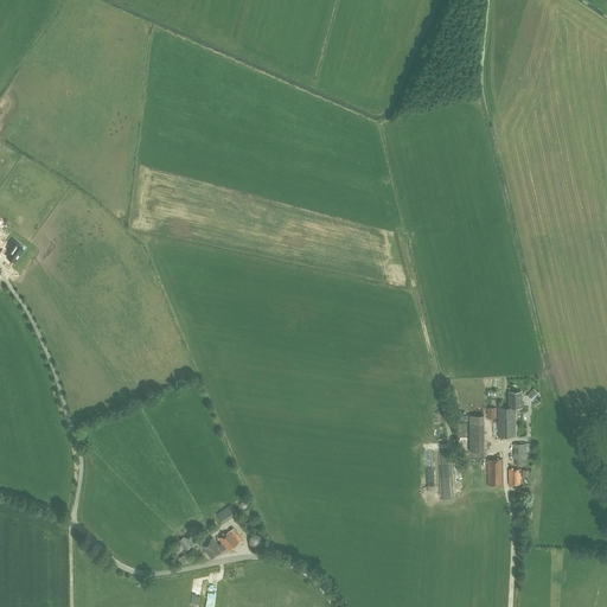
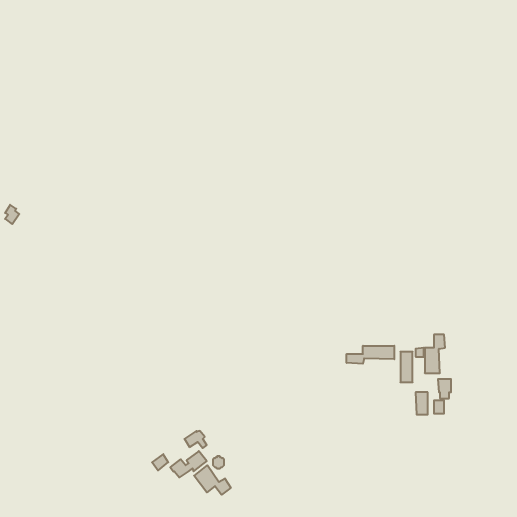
building: none -> [347,346,394,364]
building: none -> [194,465,231,495]

